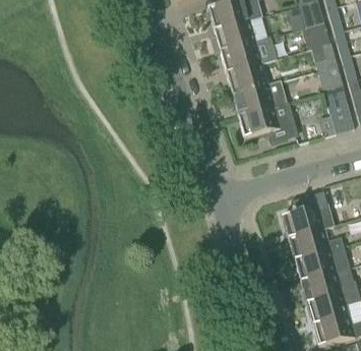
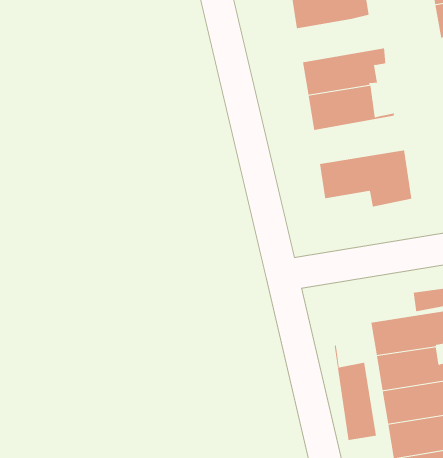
building: [213,20,272,52] -> none
building: [231,80,292,117] -> none
building: none -> [334,344,376,441]

